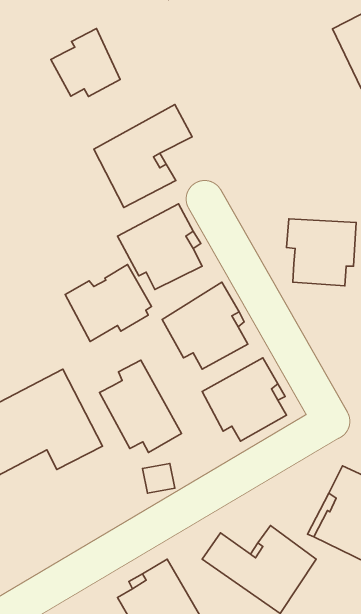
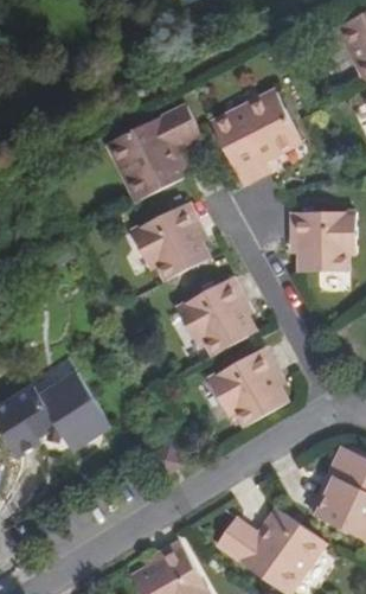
building: [51,29,120,96] -> none
building: none -> [212,94,300,184]
building: [65,265,151,342] -> none
building: [100,360,181,452] -> none

